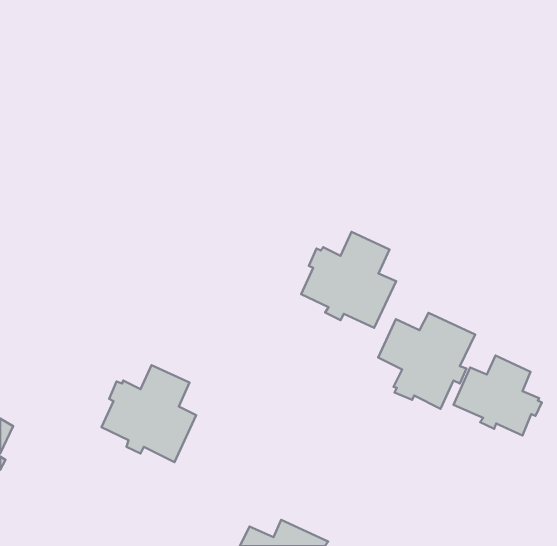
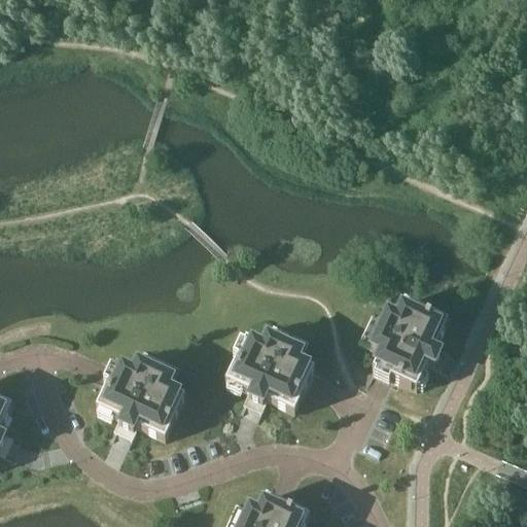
building: [301,232,396,328] -> [225,318,315,409]
building: [453,356,542,436] -> none

